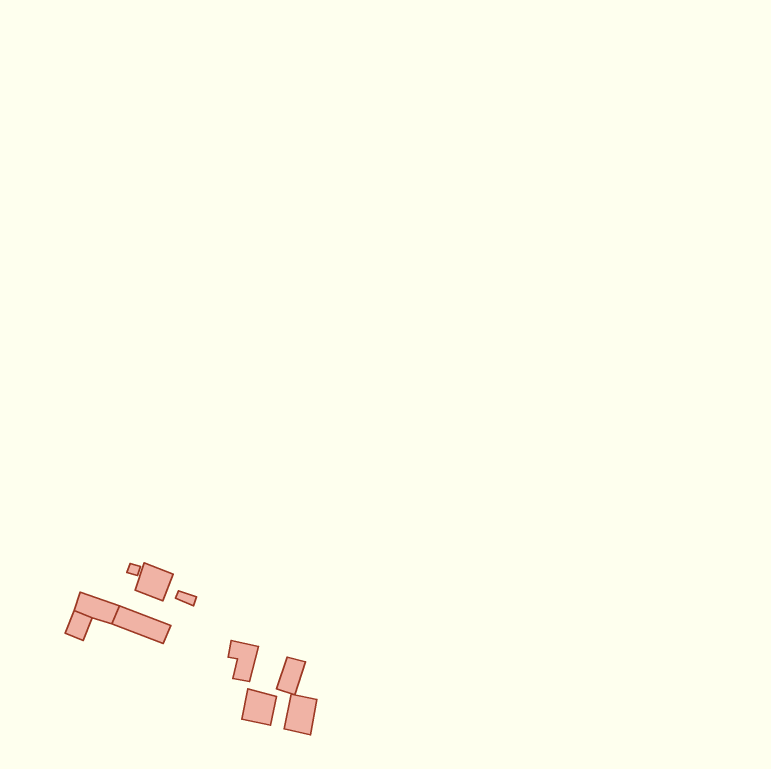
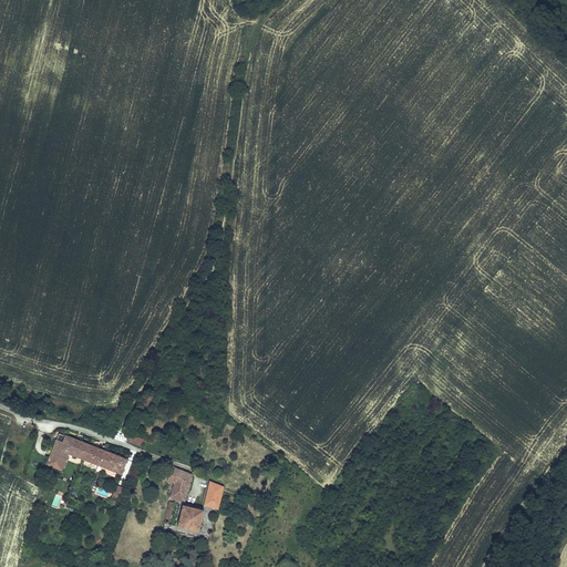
building: [135,563,173,601] -> none
building: [284,694,317,735] -> none

